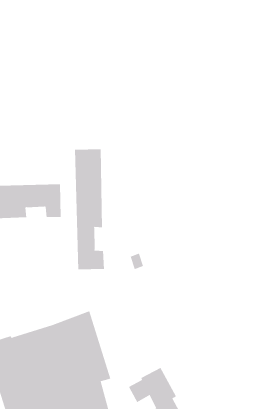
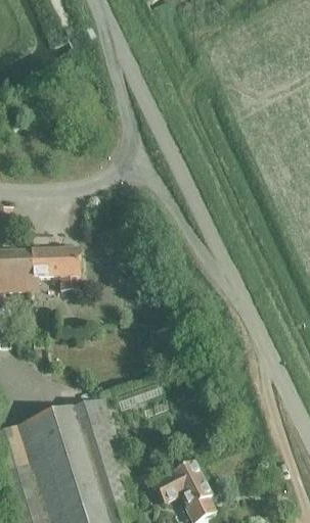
building: [75,149,104,270] -> none

